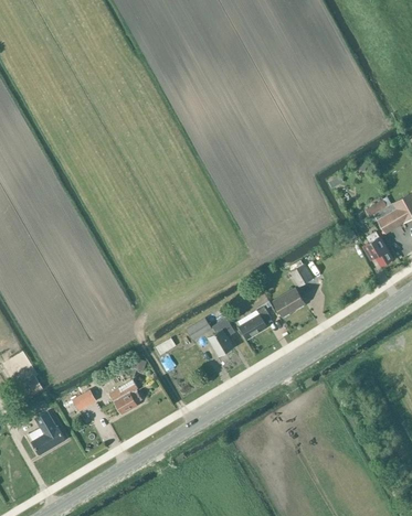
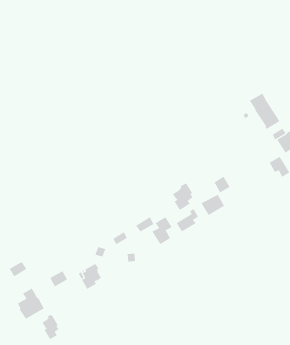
building: none -> [249,93,280,130]
building: none -> [172,183,194,211]
building: none -> [42,314,59,340]

